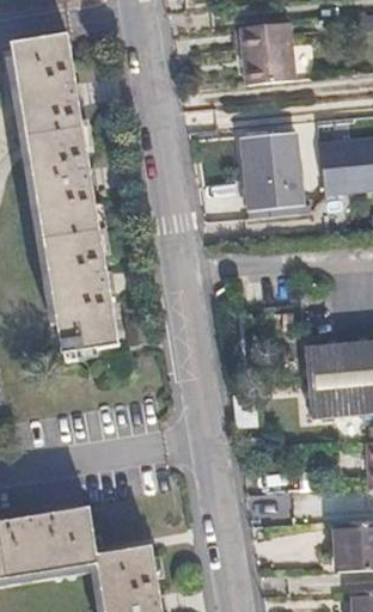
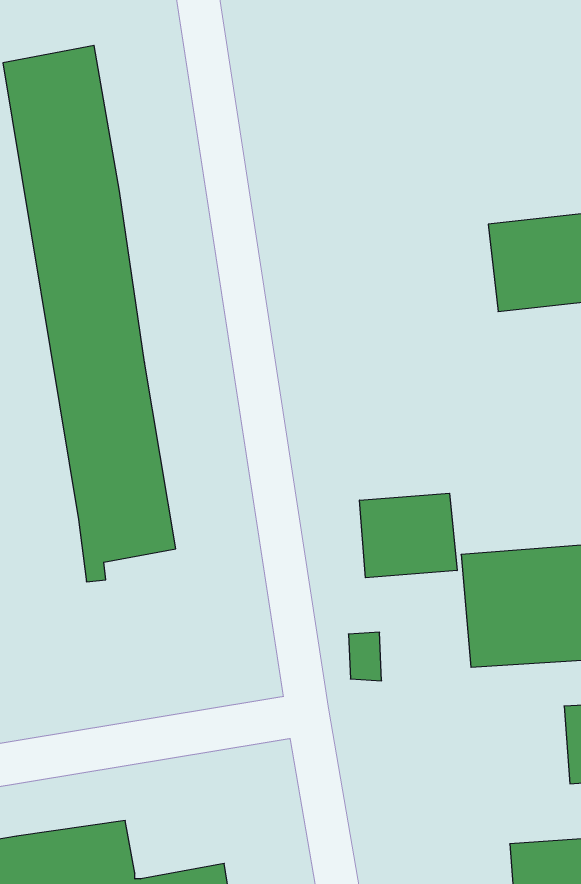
building: [237,24,291,86] -> none
building: [234,131,295,209] -> none
building: none -> [360,493,457,578]

